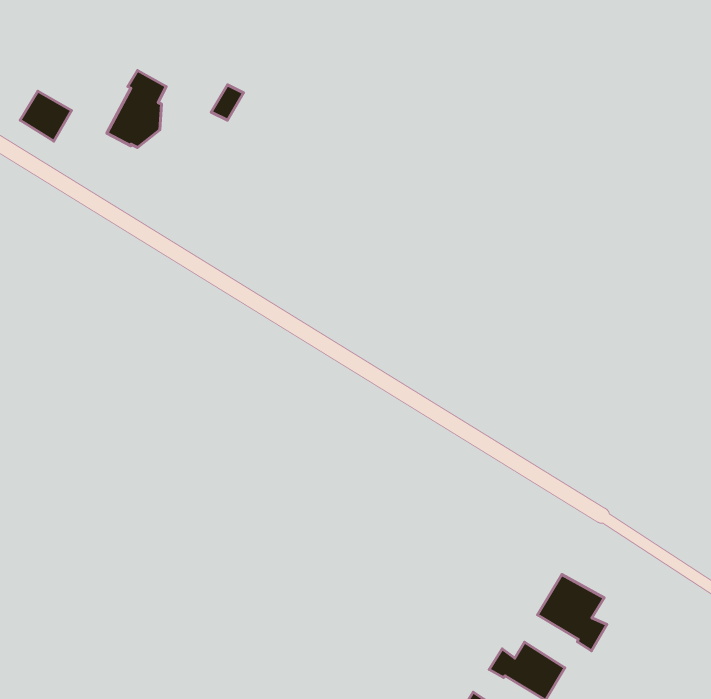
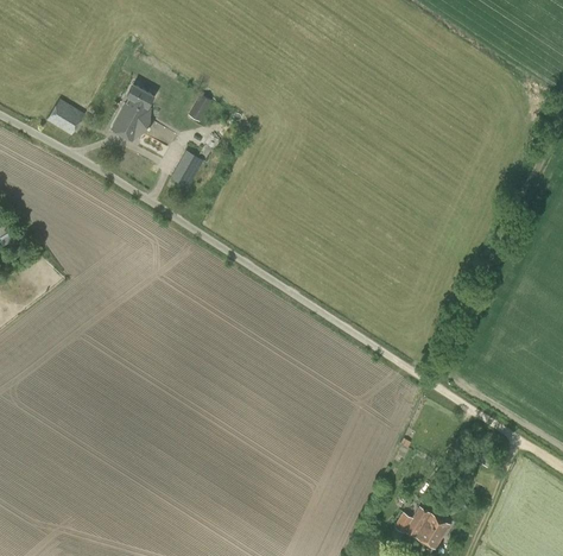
building: none -> [171,150,207,188]
building: [538,575,607,651] -> none

